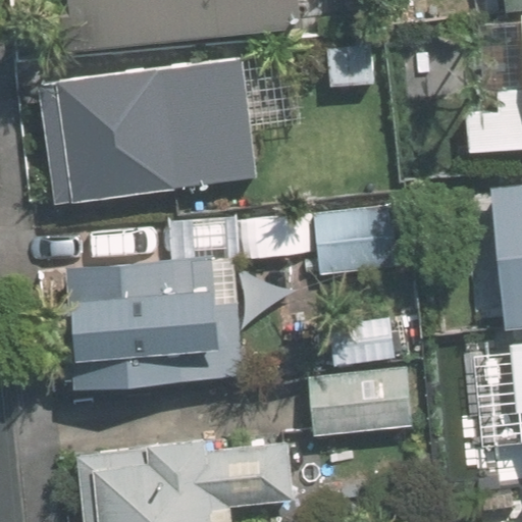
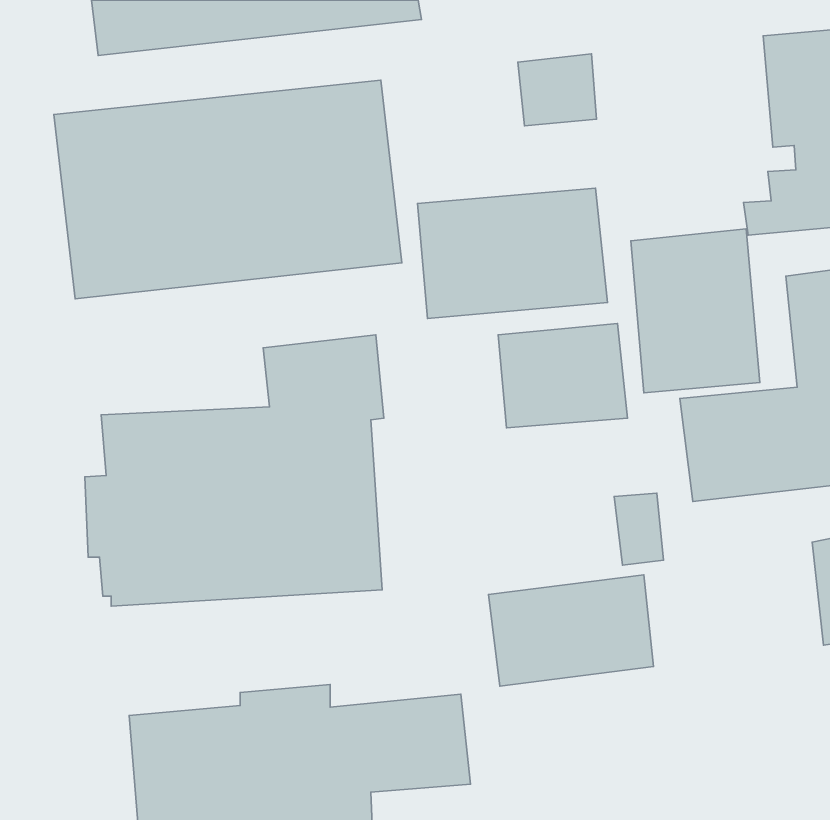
building: none -> [417,188,608,318]
building: none -> [631,229,760,393]

